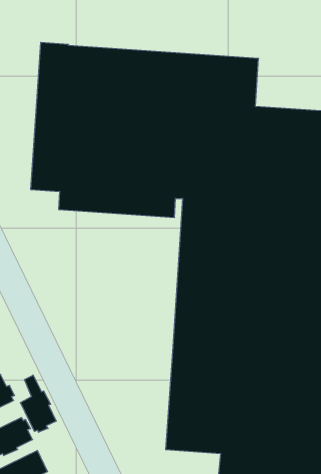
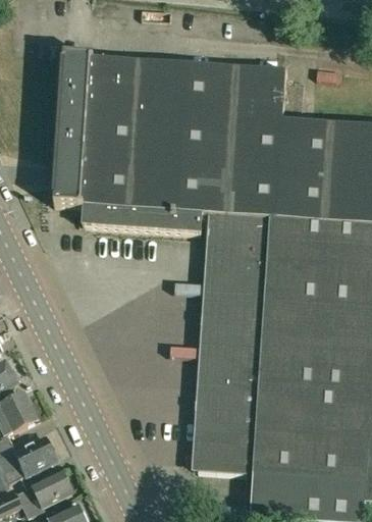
building: [20,375,56,432] -> none

